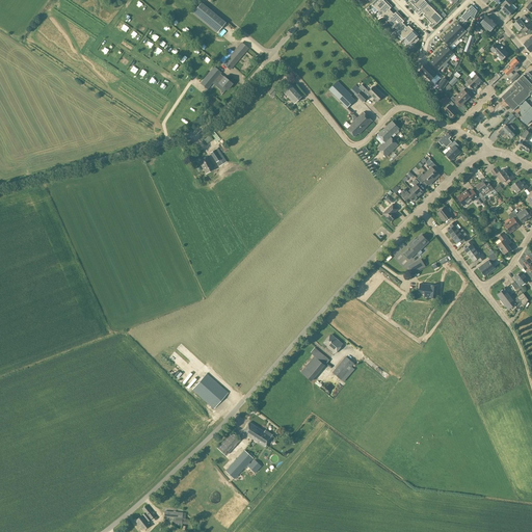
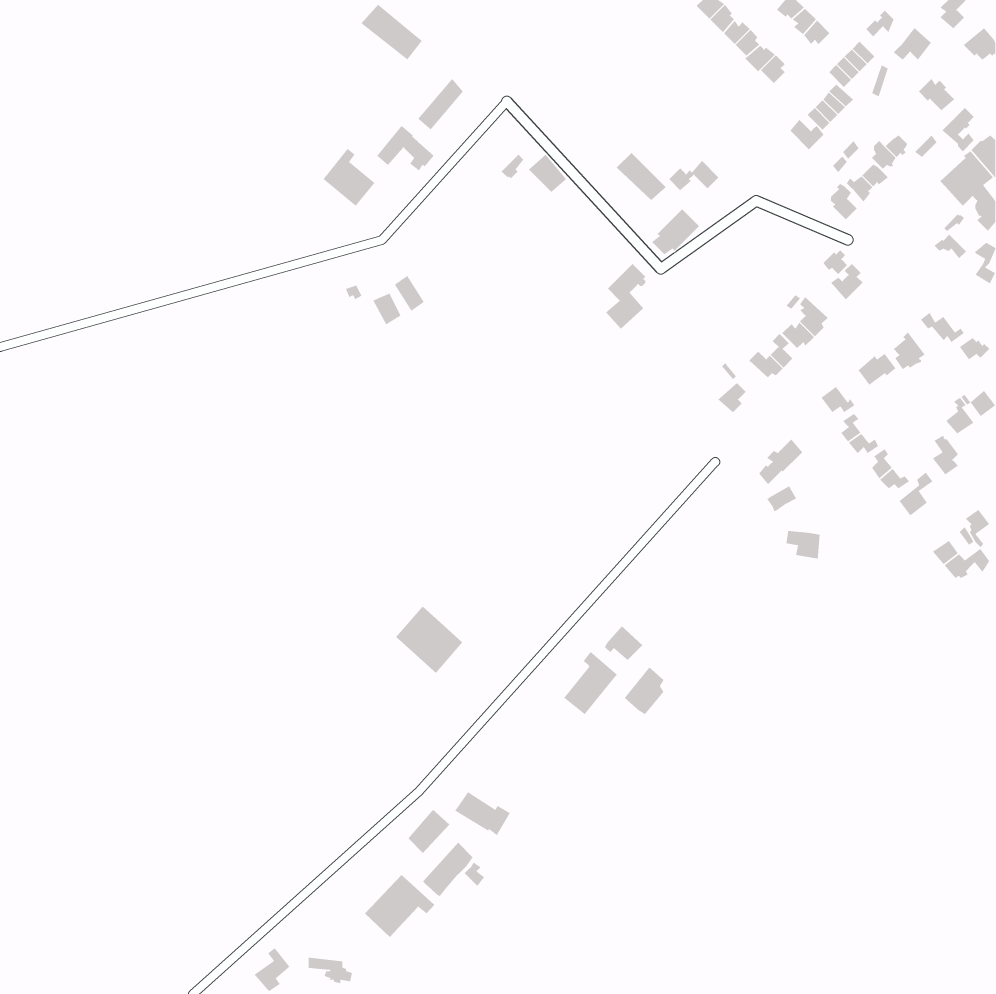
building: none -> [323,148,375,207]
building: [377,121,399,156] -> [605,263,646,330]
building: [192,372,229,408] -> [395,606,463,674]
building: none -> [364,874,435,938]

